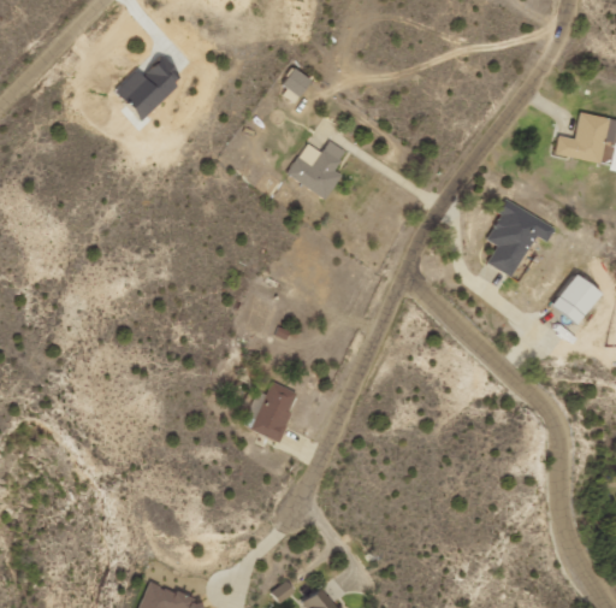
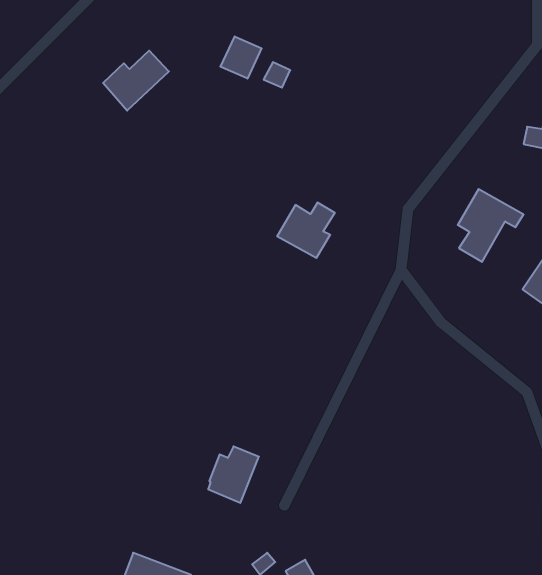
building: none -> [220,36,262,79]
building: [288,141,348,199] -> [277,203,335,258]
building: [245,382,298,441] -> [208,446,259,503]

